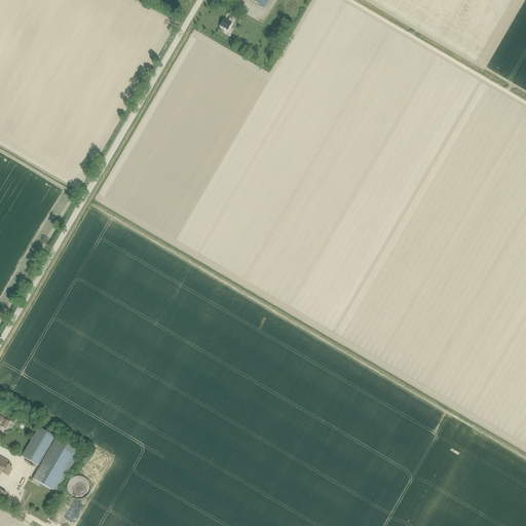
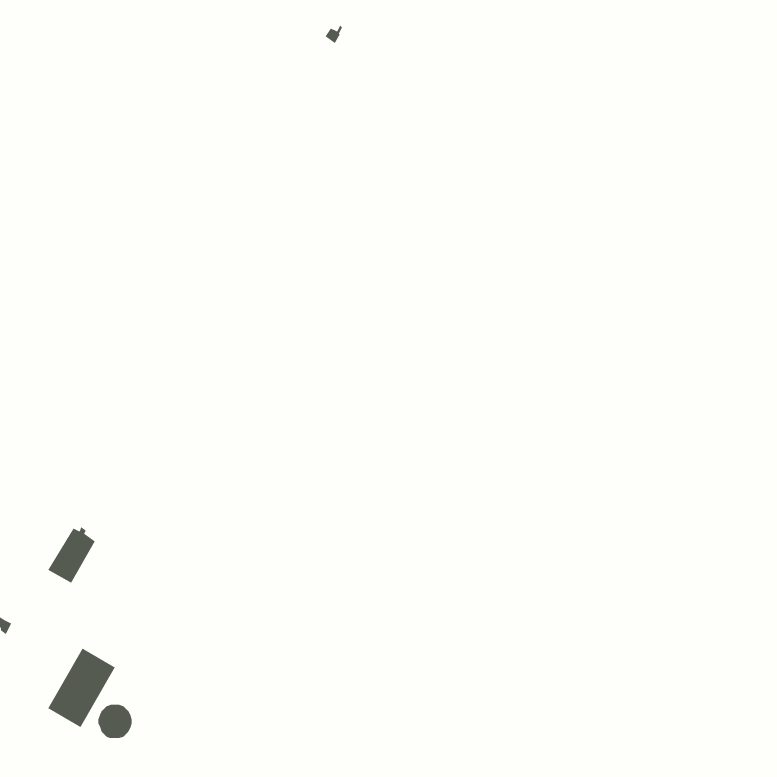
building: [21,425,53,464] -> [47,526,96,584]

